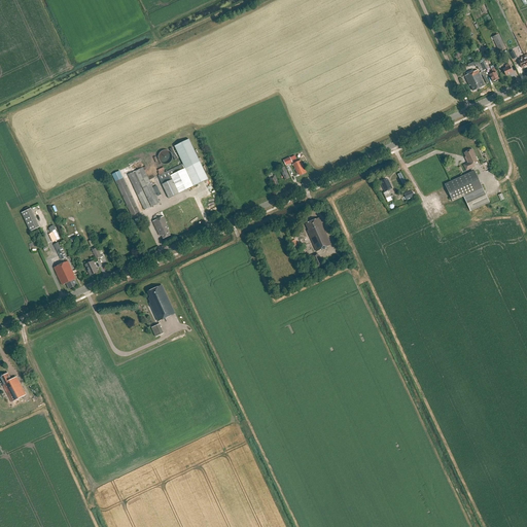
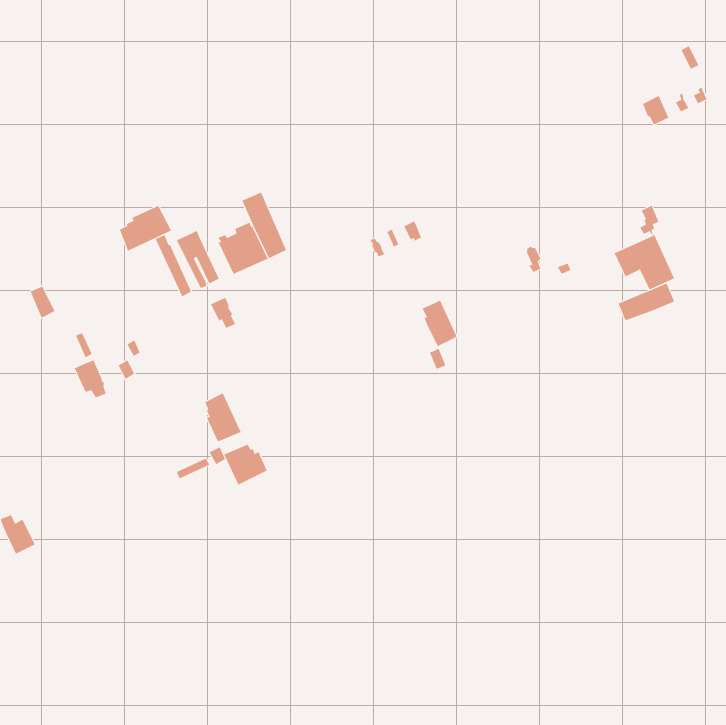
building: none -> [119,205,172,251]
building: none -> [618,283,675,321]
building: none -> [224,444,267,485]

